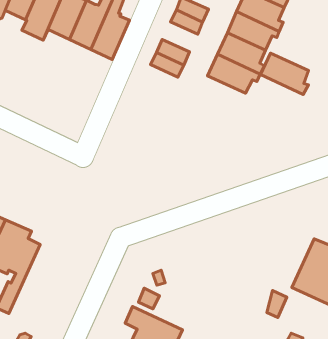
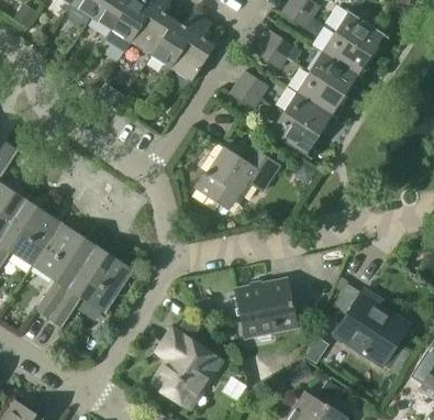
building: [261,53,308,95] -> [270,111,319,157]
building: none -> [194,146,279,208]
building: none -> [235,277,297,336]
building: none -> [49,253,131,324]

